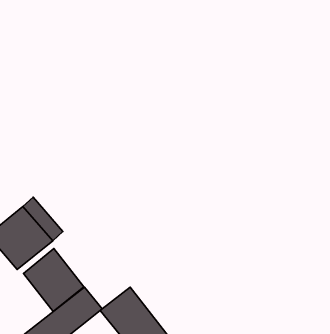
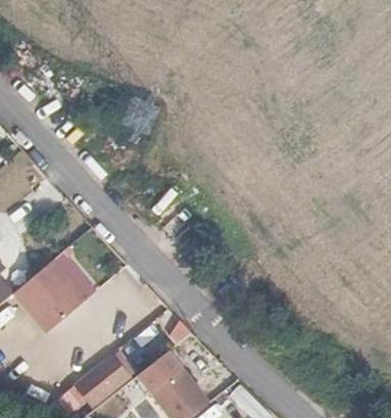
building: [23,249,84,312] -> none

